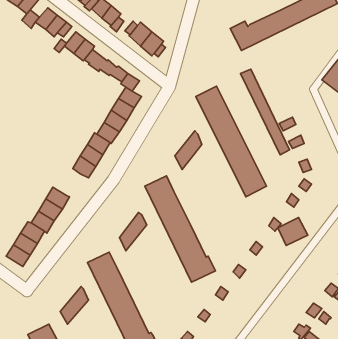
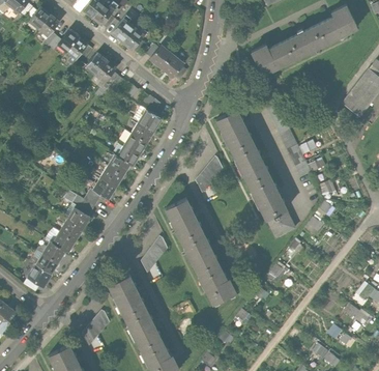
building: none -> [63,188,100,217]
building: [278,217,308,246] -> [265,207,295,235]

